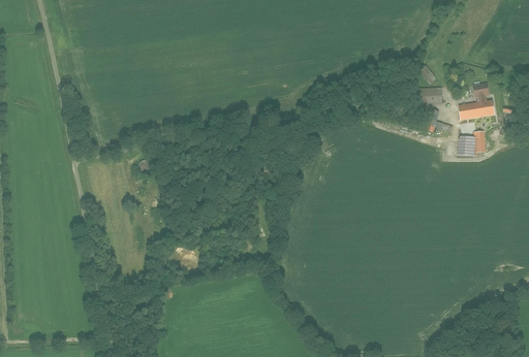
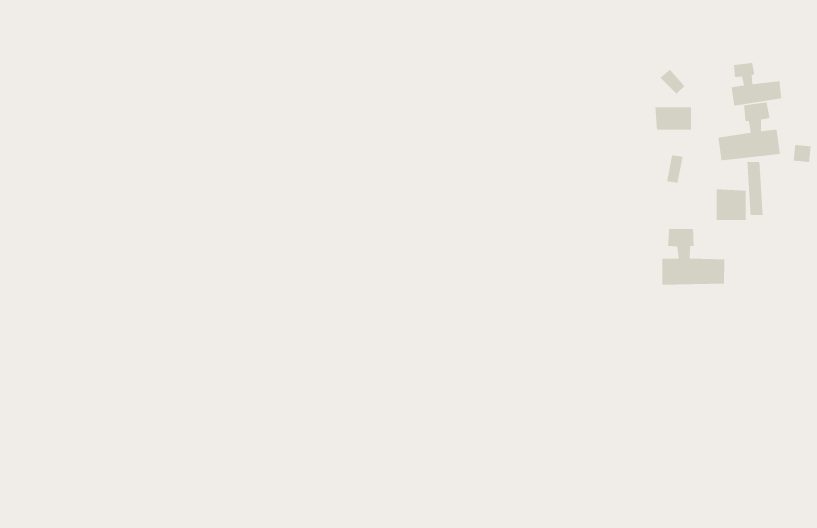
building: none -> [731,62,782,106]
building: none -> [662,228,725,285]

